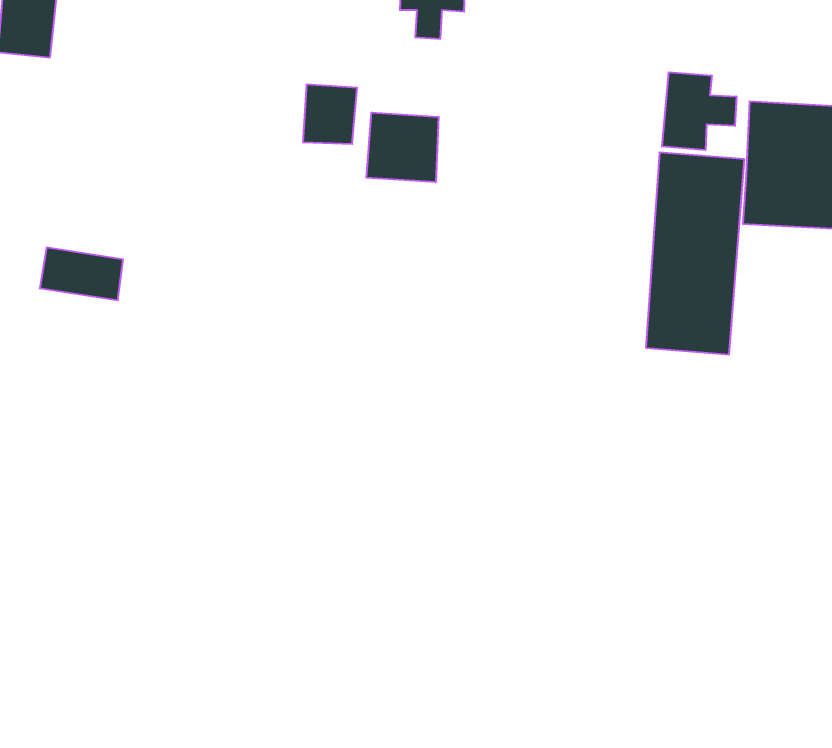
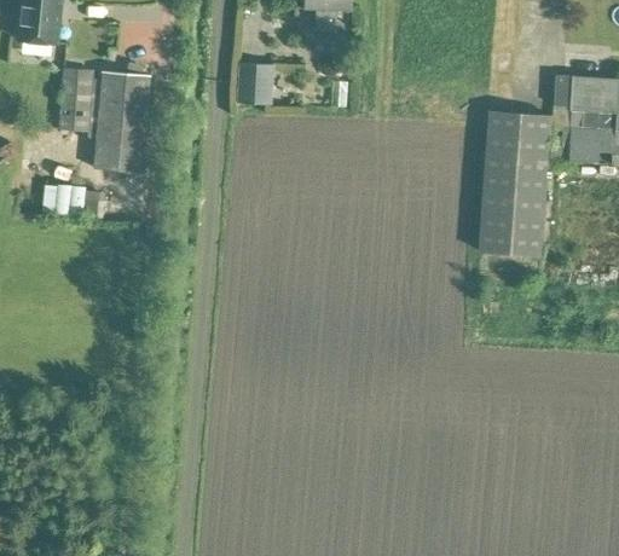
building: [662,72,736,150] -> none
building: none -> [58,68,150,172]
building: [367,112,439,182] -> none

